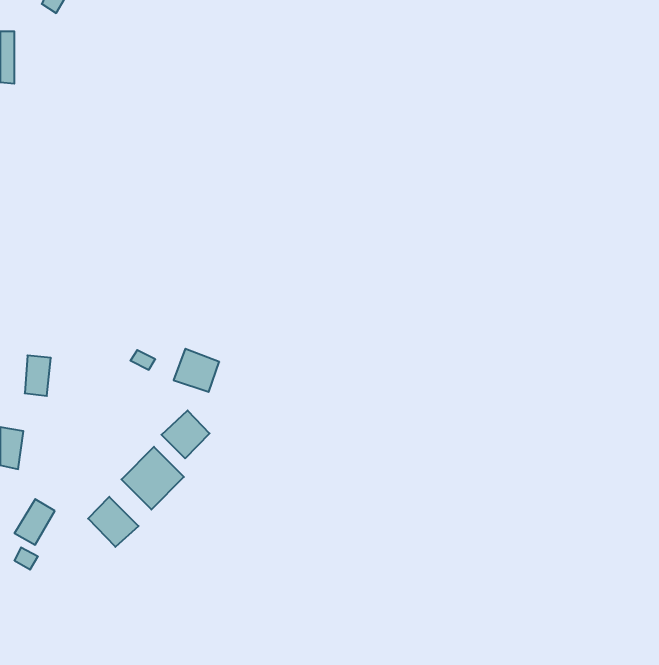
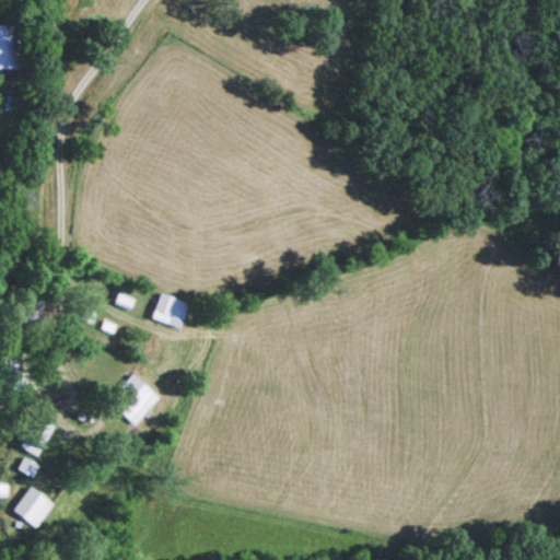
building: [161,410,210,458] -> none
building: [88,497,139,547] -> none
building: none -> [11,487,52,528]

